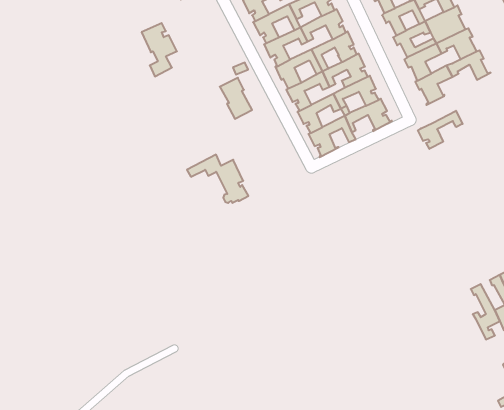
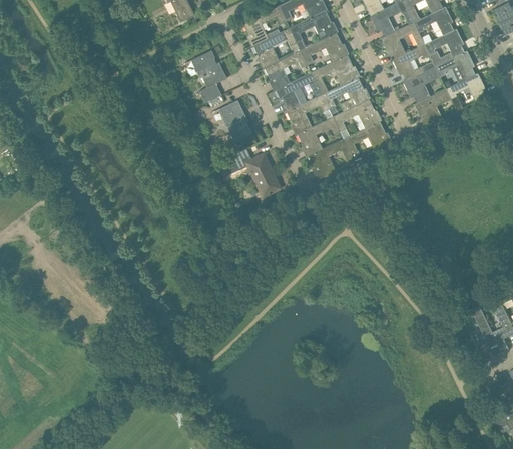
building: [142,23,177,76] -> [192,50,227,103]
building: [418,111,463,149] -> none
building: [187,155,248,203] -> [218,148,280,196]

